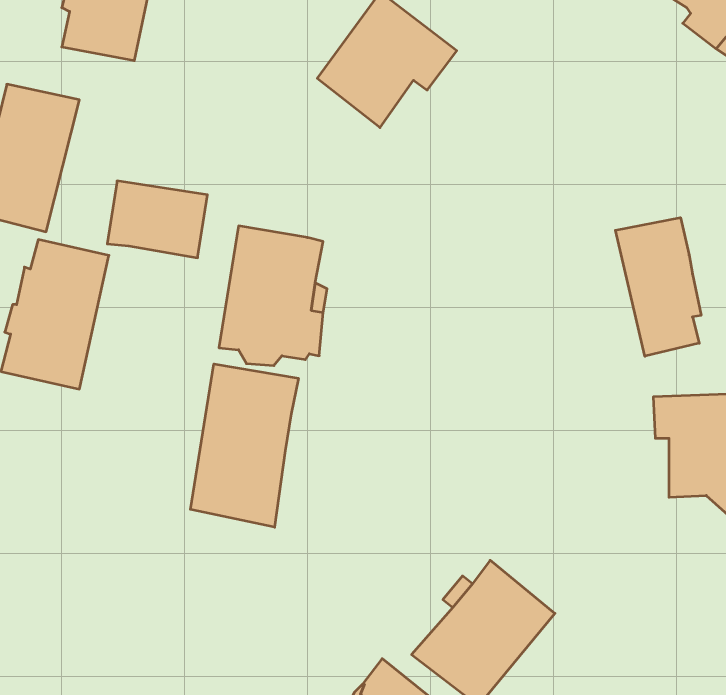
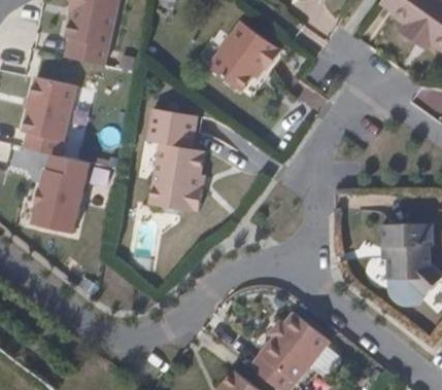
building: [107,181,207,258] -> [149,108,202,148]
building: [615,218,701,356] -> none
building: [190,364,298,527] -> none

